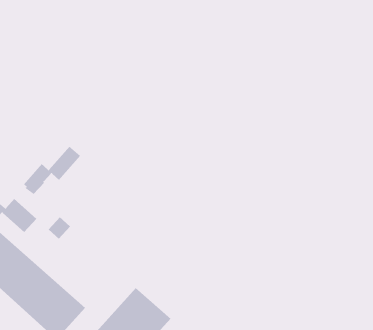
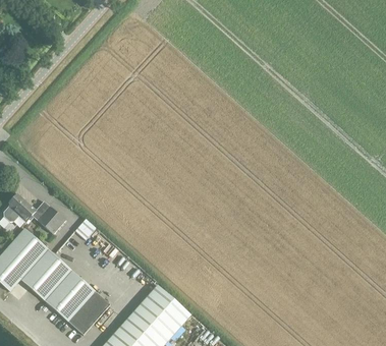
building: [23,146,81,195] -> none

